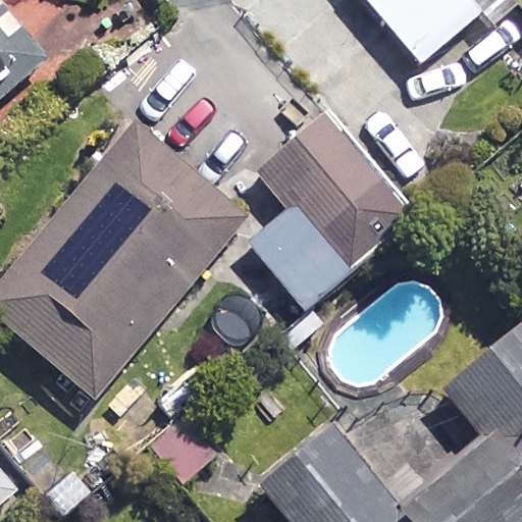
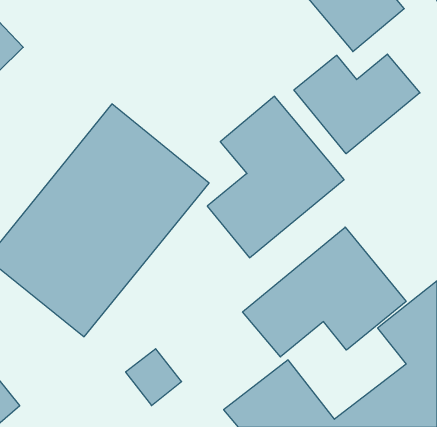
building: none -> [294,54,420,154]
building: none -> [243,227,406,357]

